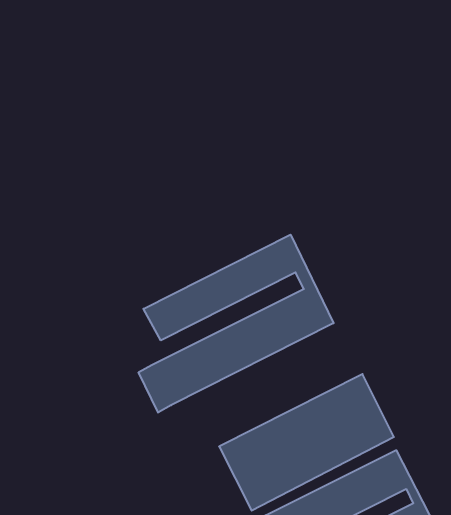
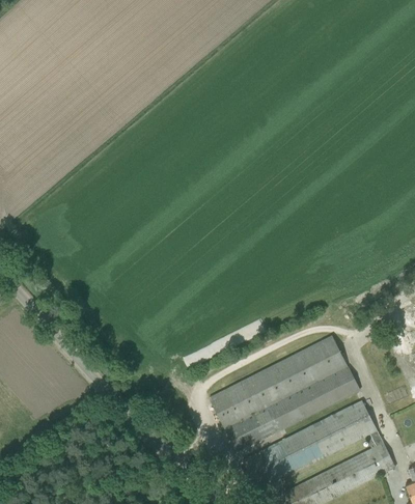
building: [139,235,334,413] -> none

